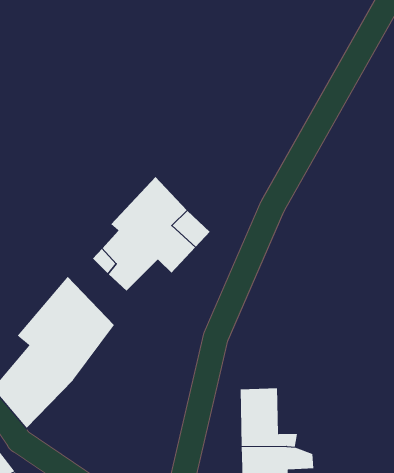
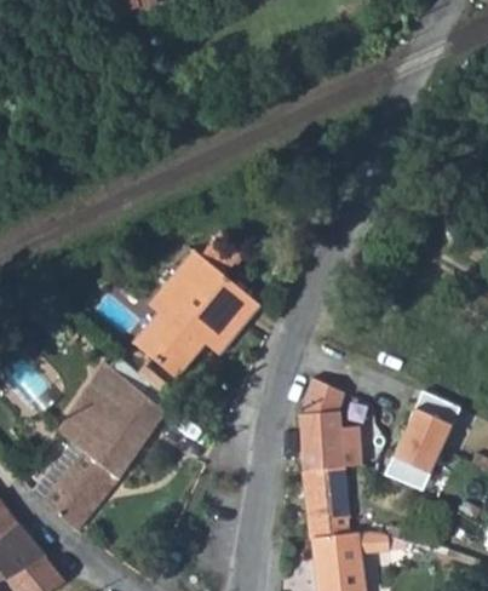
building: none -> [300,378,362,472]
building: none -> [384,388,457,495]

